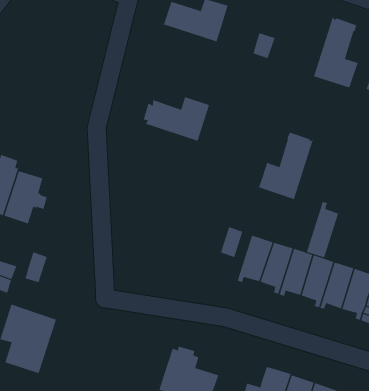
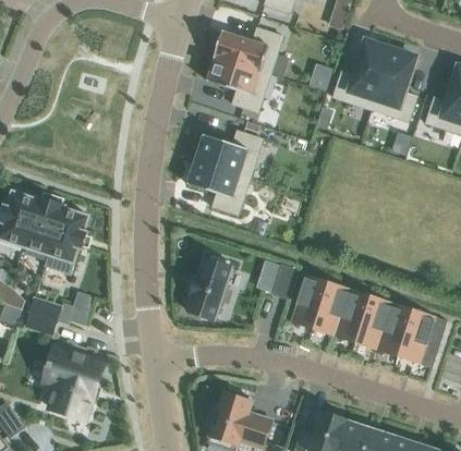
building: none -> [206,56,269,111]
building: none -> [186,158,250,214]
building: [258,132,313,200] -> [331,38,389,109]
building: [306,201,339,258] -> none
building: none -> [187,255,231,319]

